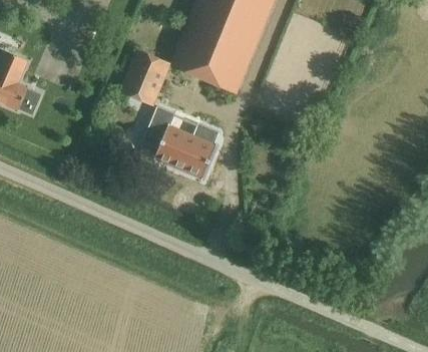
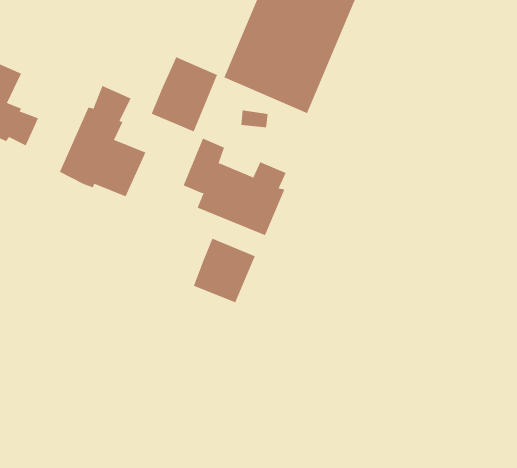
building: none -> [59,85,146,197]
building: none -> [193,238,255,303]

